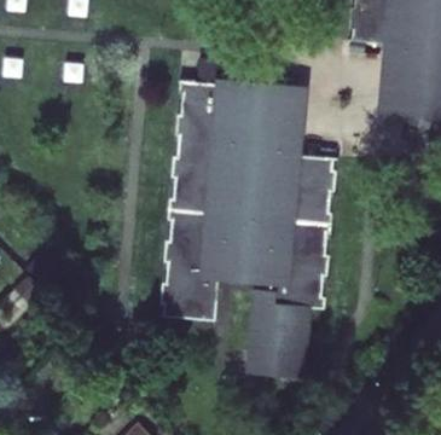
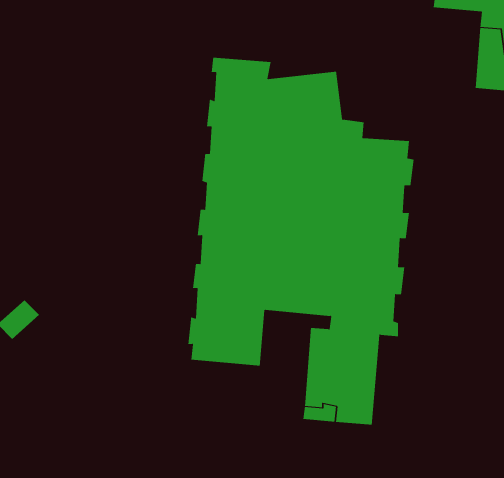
building: [221,86,298,133] -> none

